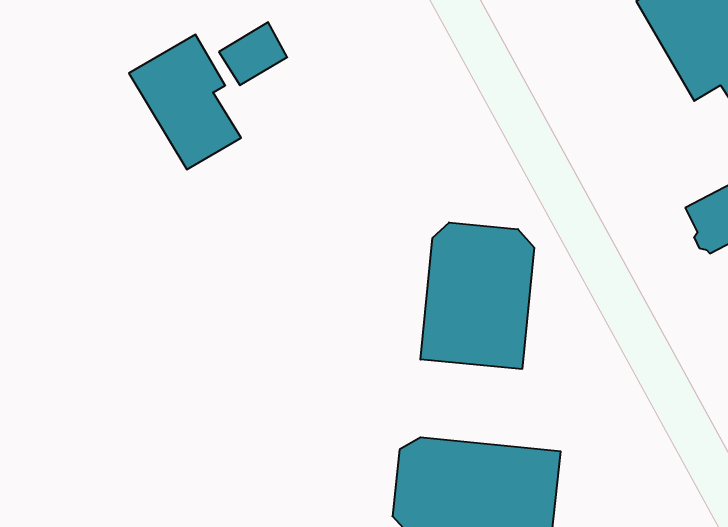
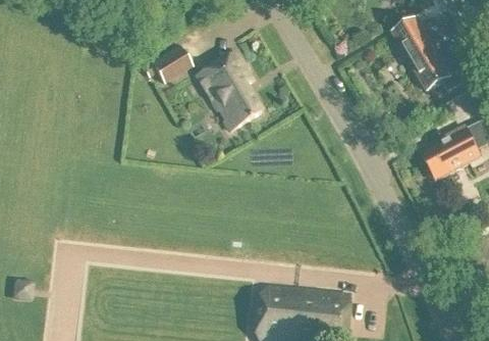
building: [129,35,241,169] -> [194,50,259,129]
building: [420,222,534,369] -> none

